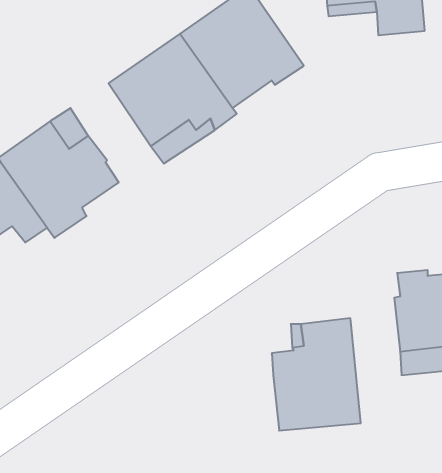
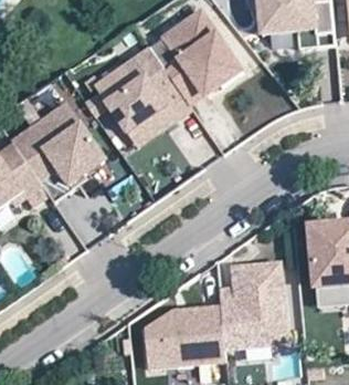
building: none -> [145,305,224,367]

